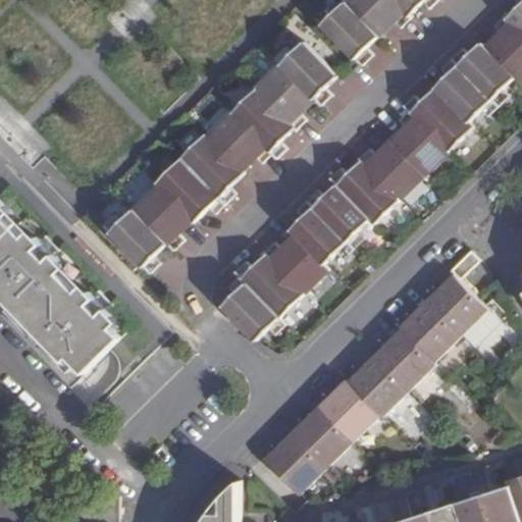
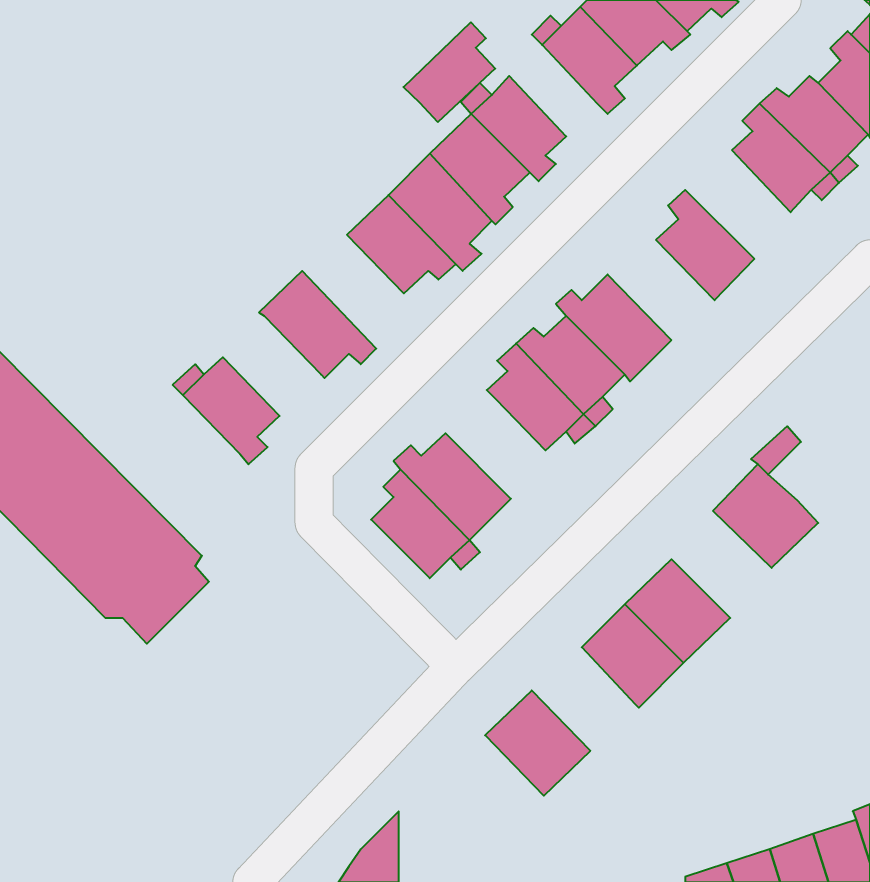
building: none -> [403,22,495,122]
building: [402,89,471,153] -> none
building: [178,136,241,206] -> none
building: [357,142,422,201] -> none
building: [132,187,190,252] -> none
building: [261,236,326,295] -> none
building: [396,302,456,363] -> none
building: [314,381,375,443] -> none
building: [260,434,321,495] -> none

